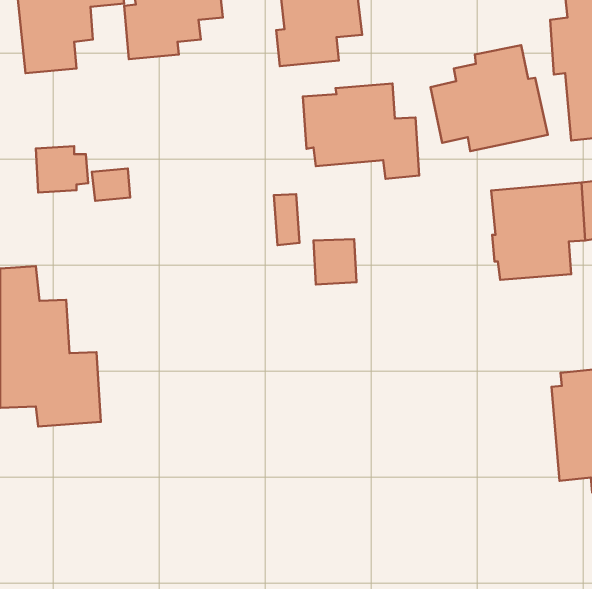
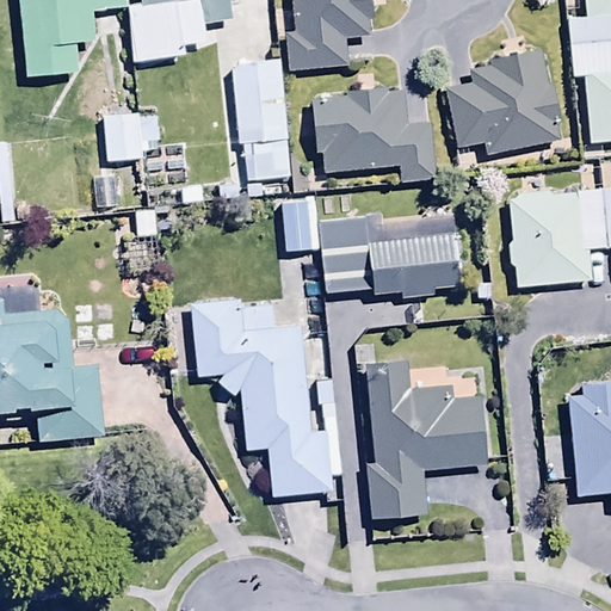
building: none -> [233,58,289,180]
building: [36,146,88,193] -> [105,112,159,160]
building: none -> [371,232,455,300]
building: none -> [192,298,334,494]
building: none -> [365,362,485,517]

